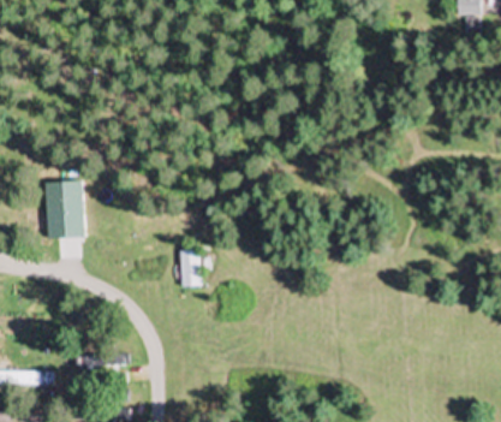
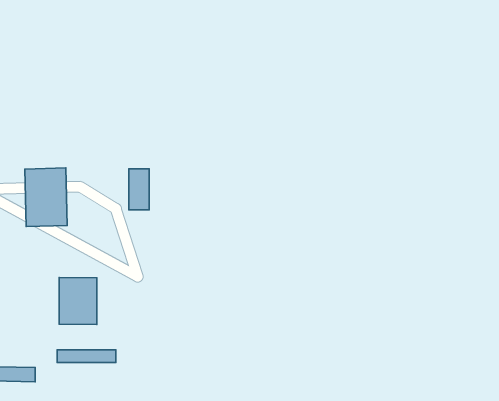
building: [181,250,201,289] -> [129,169,149,210]
building: none -> [59,278,97,325]

